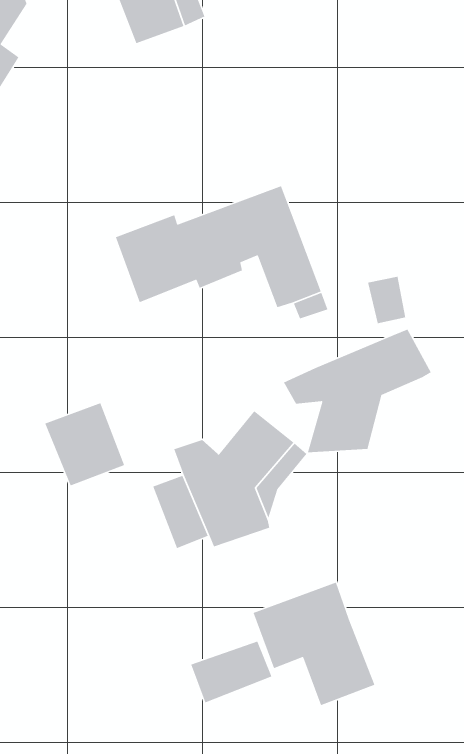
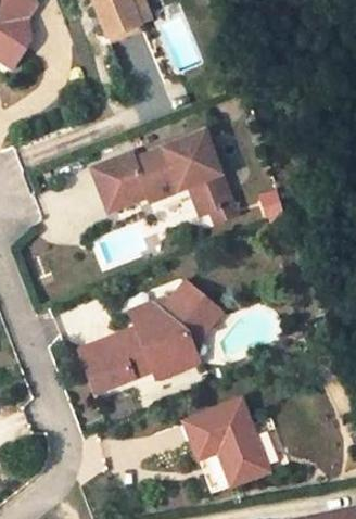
building: [283,329,432,453] -> none
building: [44,402,125,486] -> [79,333,134,390]
building: [190,640,272,703] -> none

